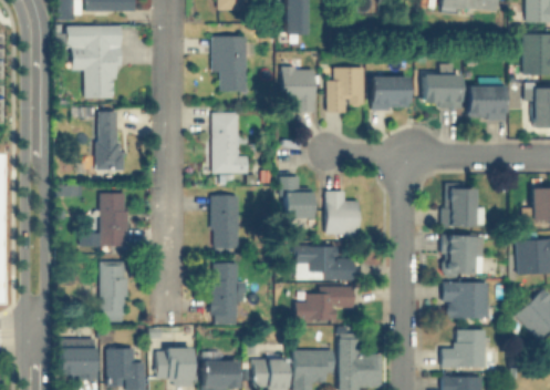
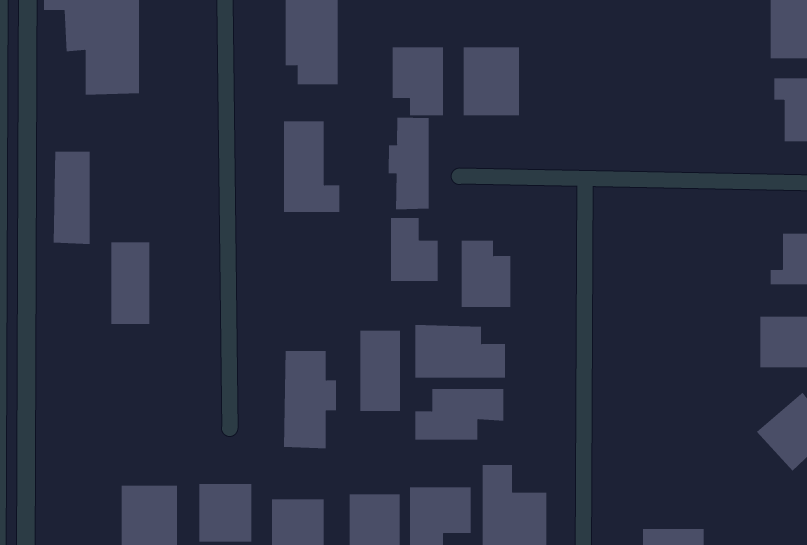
building: [424,75,461,107] -> none
building: [373,76,409,111] -> none
building: [468,85,506,120] -> none
building: [97,112,122,172] -> [53,151,91,245]
building: none -> [388,117,429,210]
building: [444,184,484,227] -> none
building: [212,196,239,248] -> [360,330,401,411]
building: [443,236,482,275] -> none
building: [102,261,127,321] -> none
building: [443,281,488,318] -> none
building: [443,330,486,367] -> none
building: [60,339,98,379] -> none

